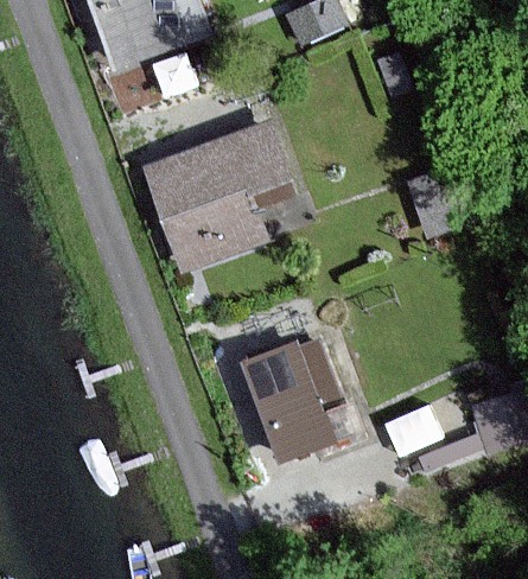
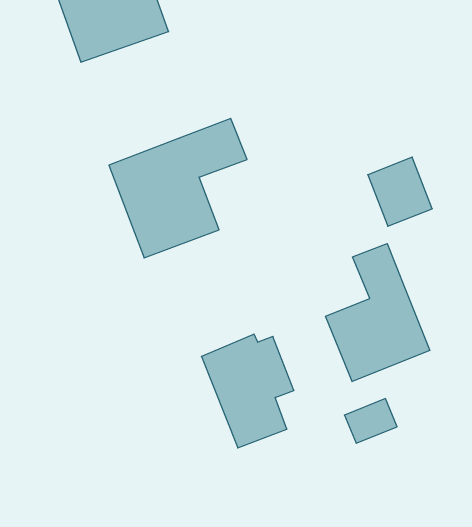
building: none -> [326,244,430,382]

